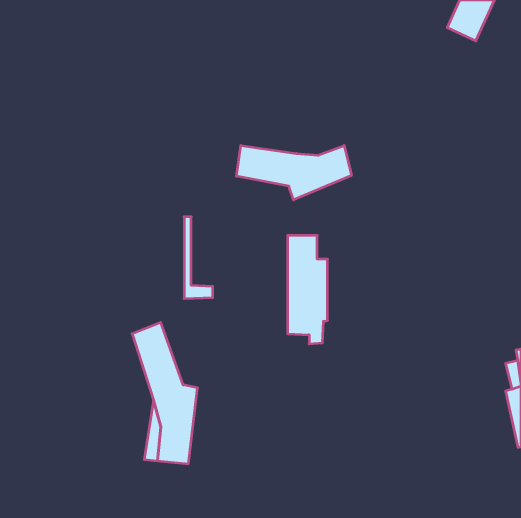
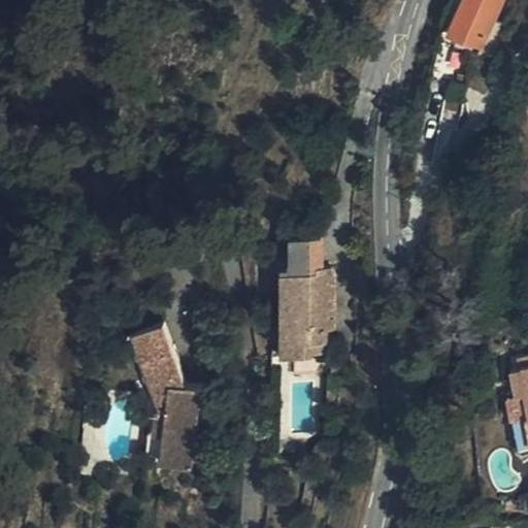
building: [236,145,351,200] -> none
building: [184,217,213,299] -> [283,272,311,355]

